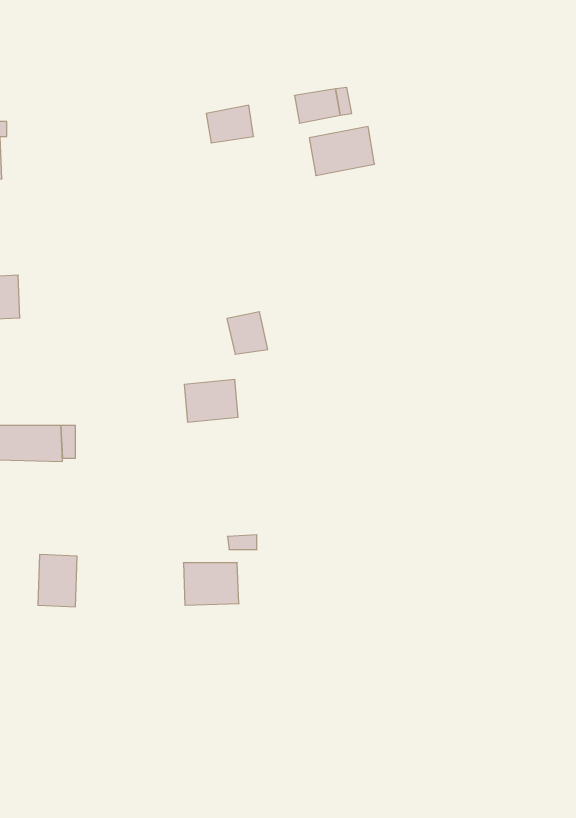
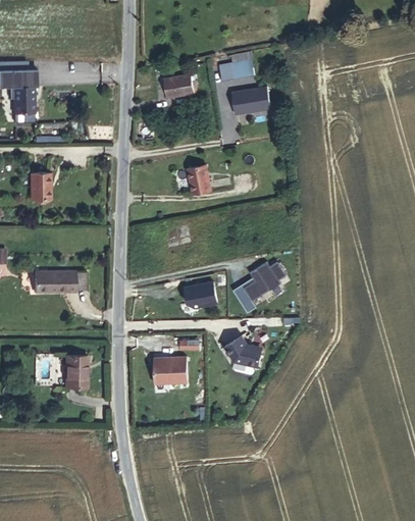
building: [227,312,268,354] -> [187,164,212,191]
building: [184,380,238,422] -> [183,281,216,308]
building: none -> [243,261,287,300]
building: none -> [222,335,259,366]

